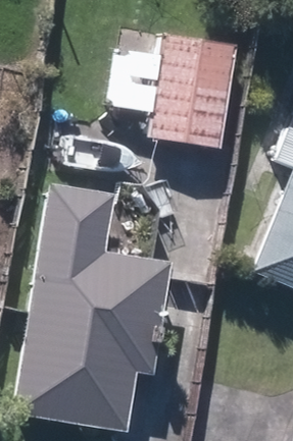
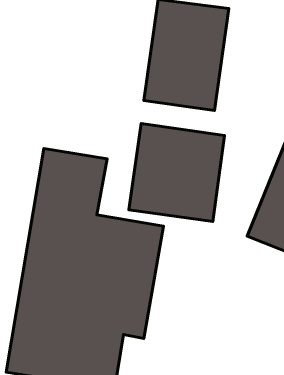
building: none -> [129,123,225,221]

